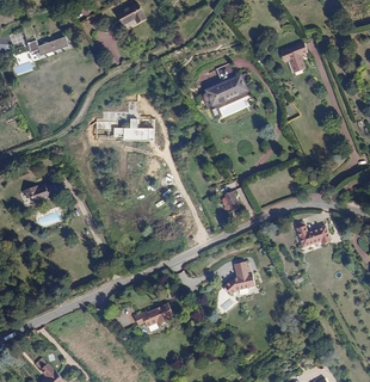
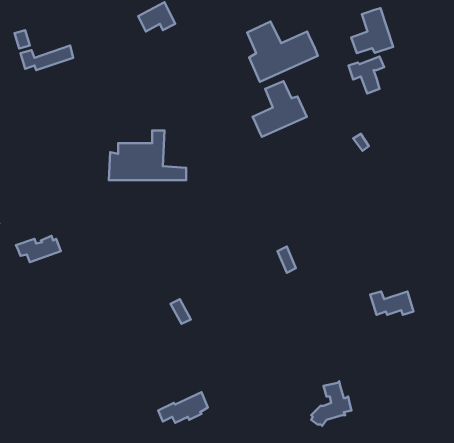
building: none -> [351,8,393,53]
building: none -> [247,21,318,82]
building: [222,261,253,296] -> [311,381,351,426]

